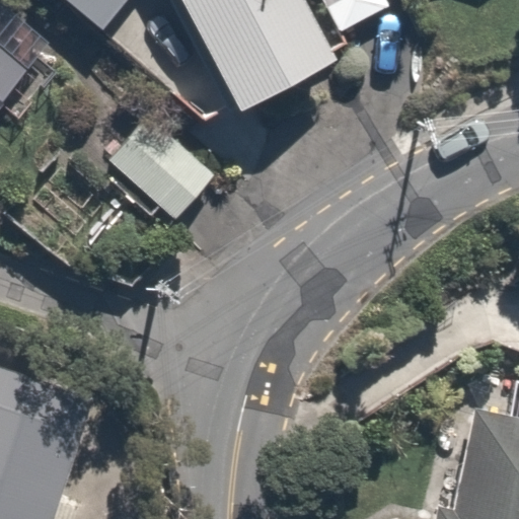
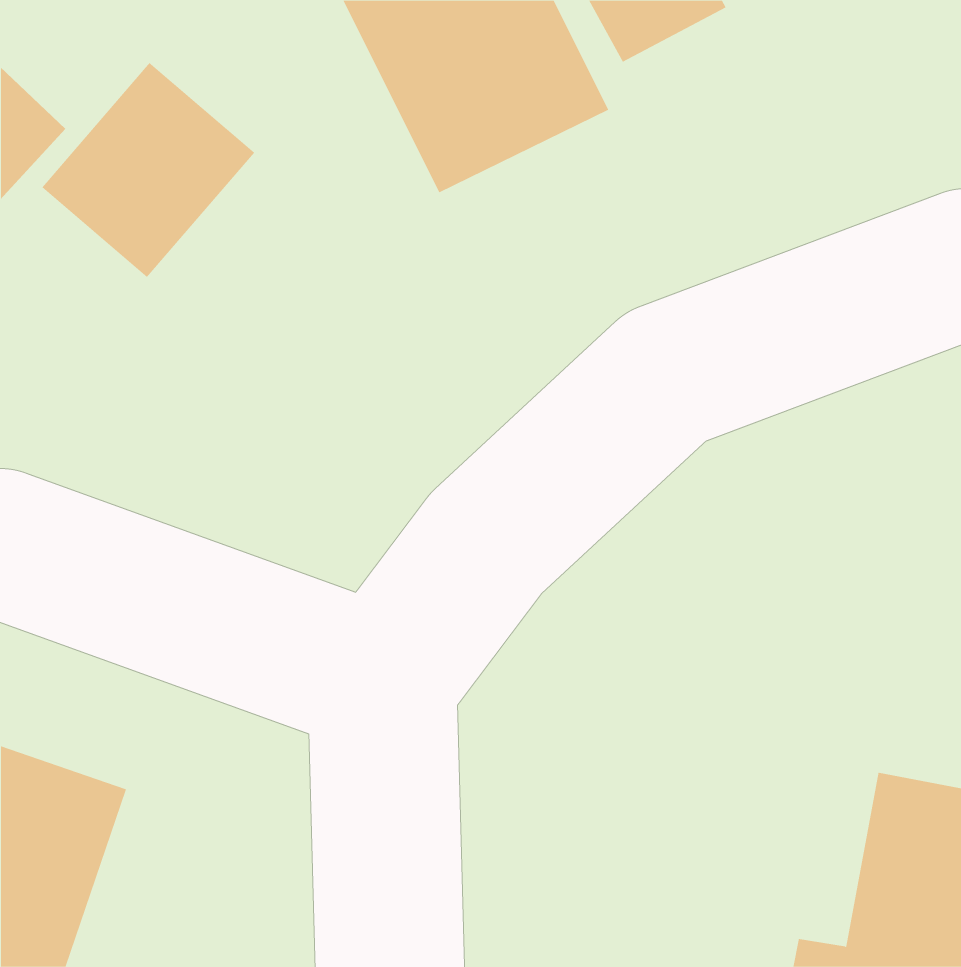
building: [96,106,211,222] -> [41,62,255,278]

